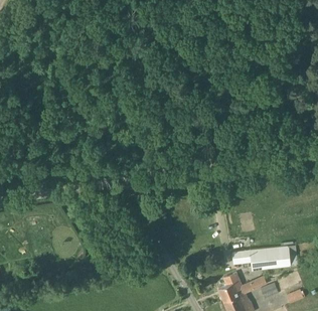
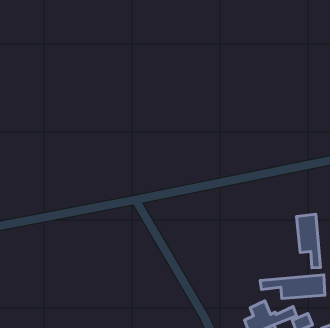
building: none -> [297,214,321,268]

